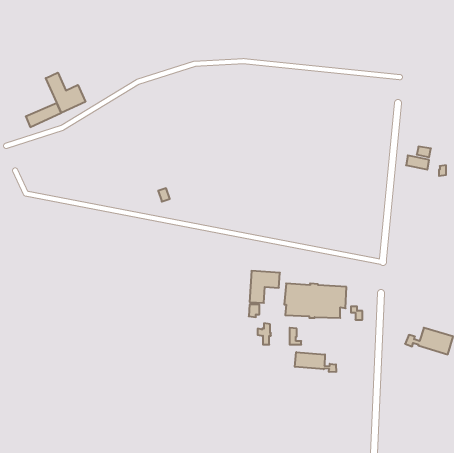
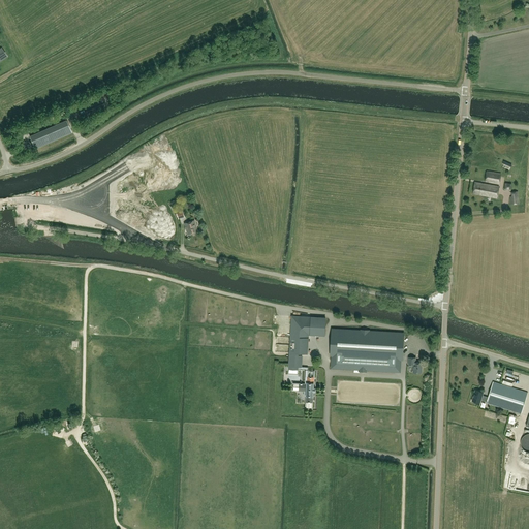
building: [46,73,85,113] -> none
building: [295,352,336,372] -> none

